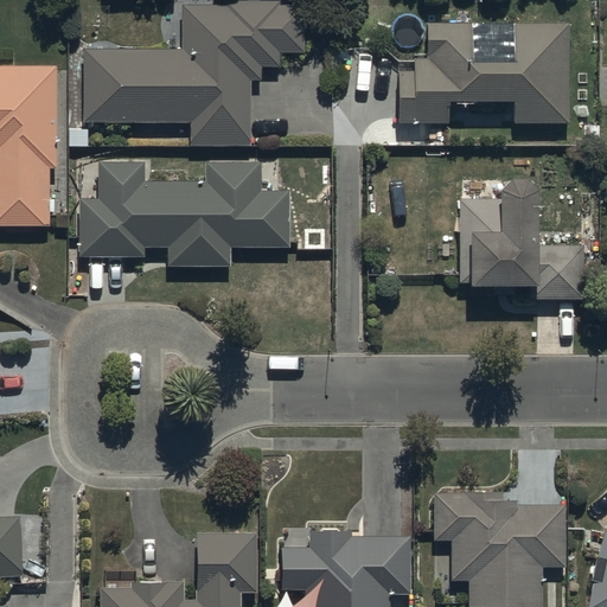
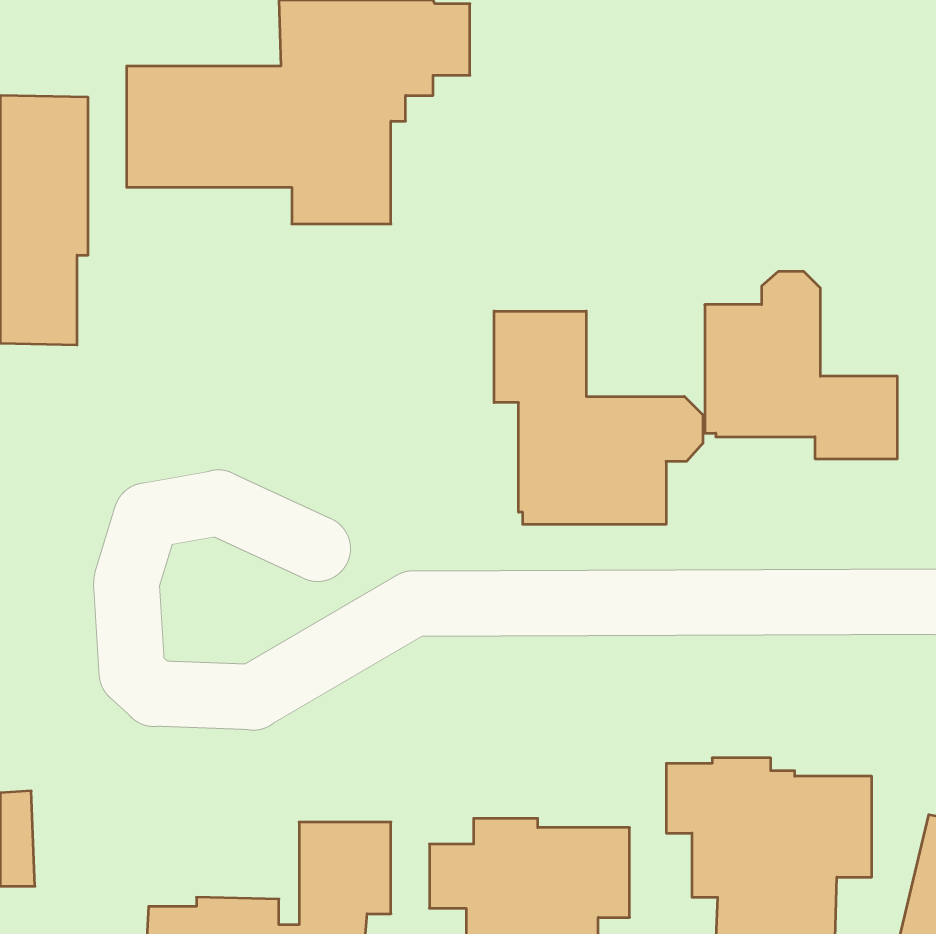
building: [395,21,567,123] -> none
building: [81,161,292,266] -> none
building: none -> [494,311,703,524]

